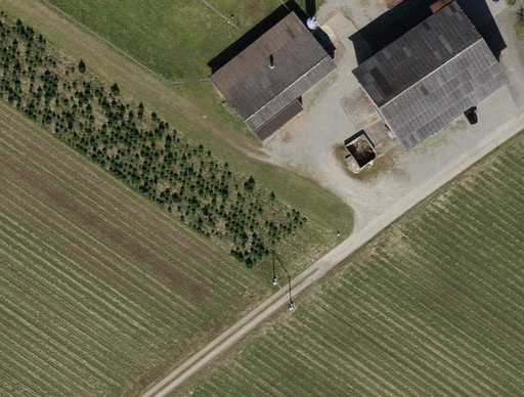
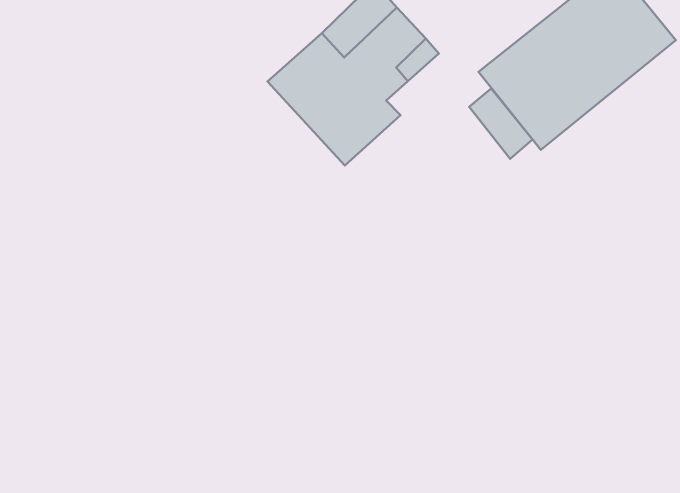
building: none -> [469,89,533,159]

